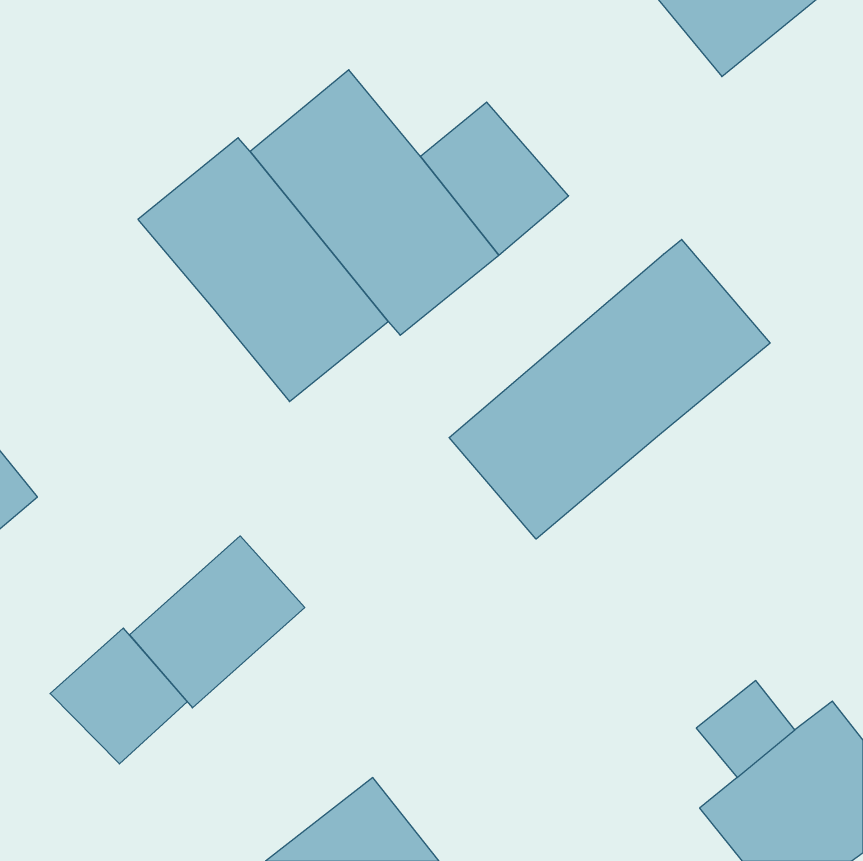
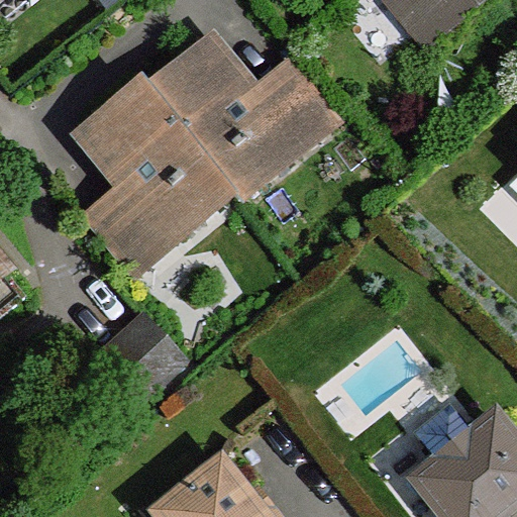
building: [449,239,770,539] -> none
building: none -> [82,182,172,272]
building: [50,628,187,764] -> none

